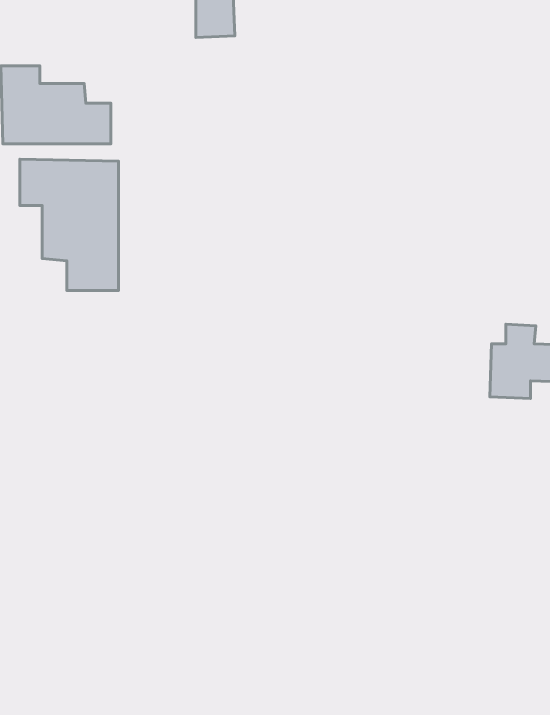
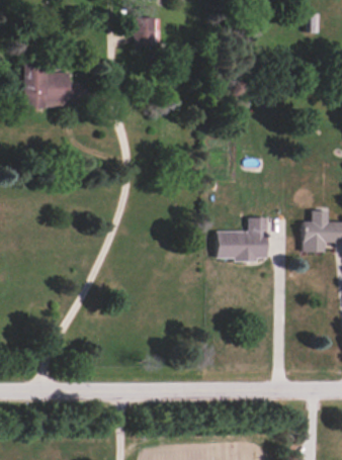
building: [20,159,118,290] -> none
building: none -> [217,216,267,260]

